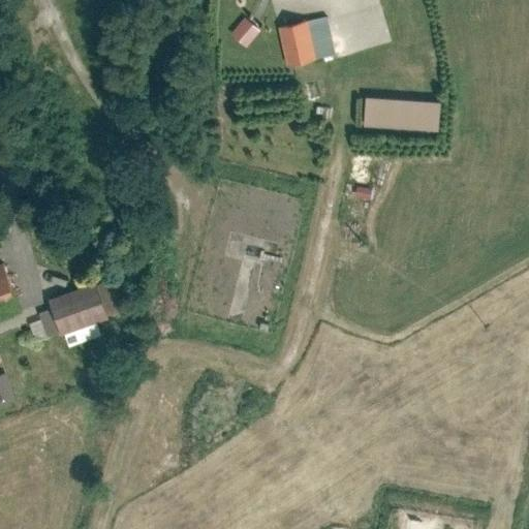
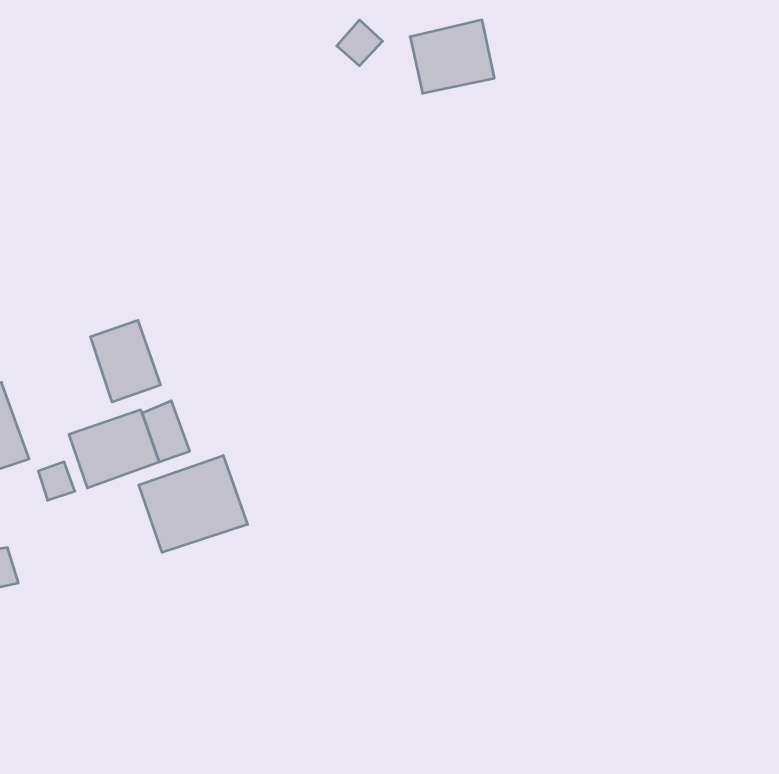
building: [361,97,441,133] -> none
building: none -> [90,320,161,402]
building: none -> [139,455,248,552]

